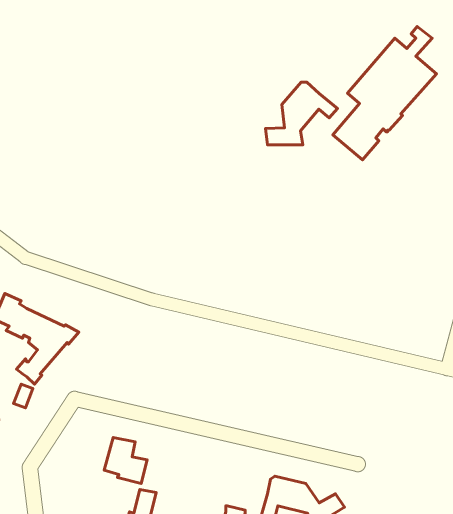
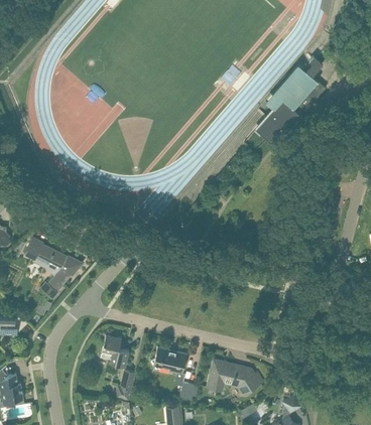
building: [266,82,338,145] -> none
building: none -> [151,346,187,373]

